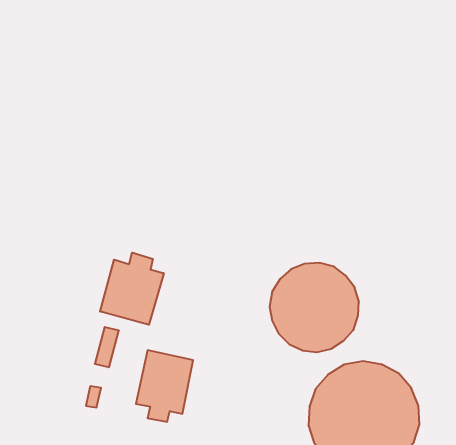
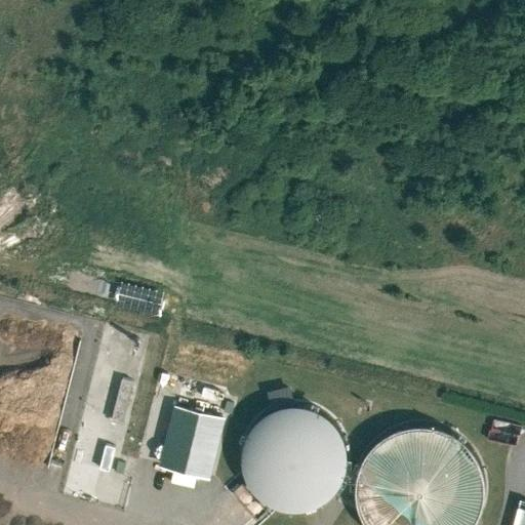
building: [100,253,164,325] -> none
building: [270,263,359,352] -> [243,407,346,510]

